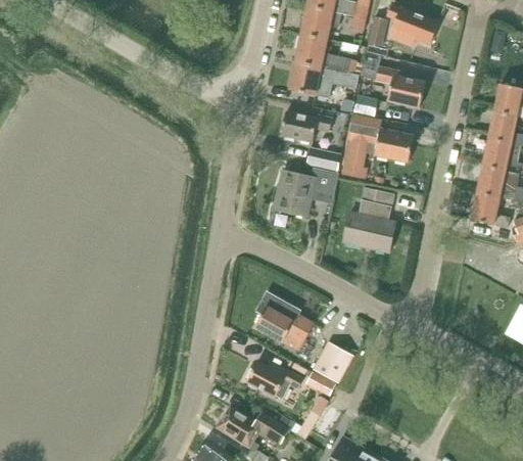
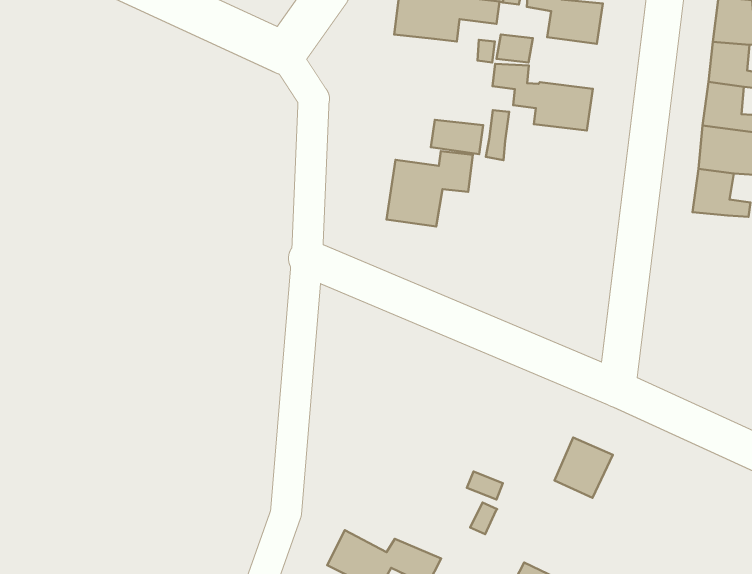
building: [281,111,332,142] -> none
building: [343,187,395,252] -> none
building: [254,292,314,344] -> none
building: [314,342,352,382] -> [555,438,613,498]
building: [246,361,303,397] -> none

